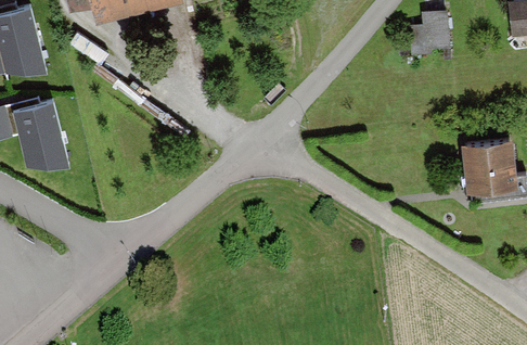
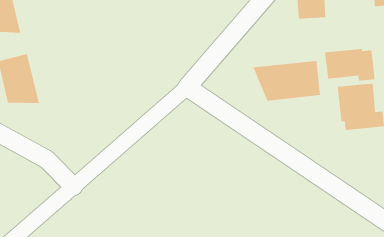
building: none -> [324,48,375,82]
building: none -> [253,60,321,102]

